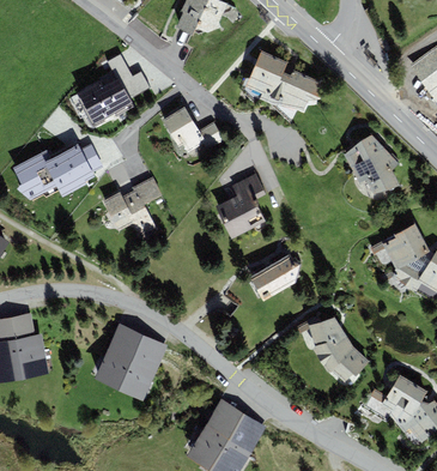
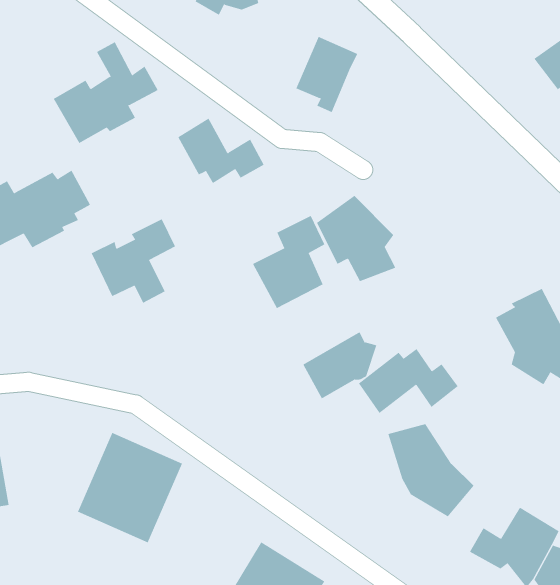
building: [269,70,321,110] -> none
building: [344,135,399,195] -> [316,195,396,282]
building: none -> [358,348,459,414]

